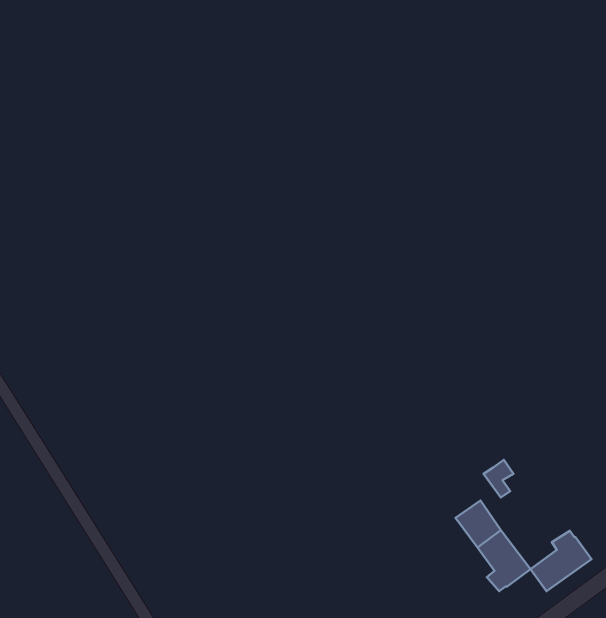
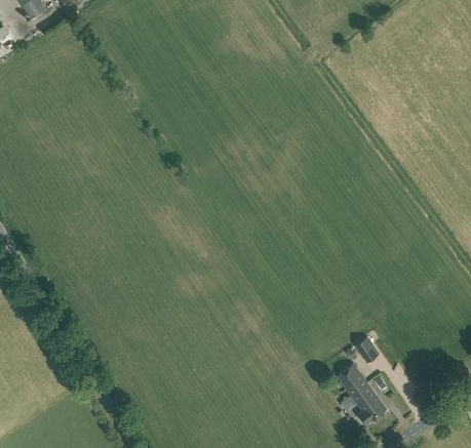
building: [531,531,592,591] -> none

